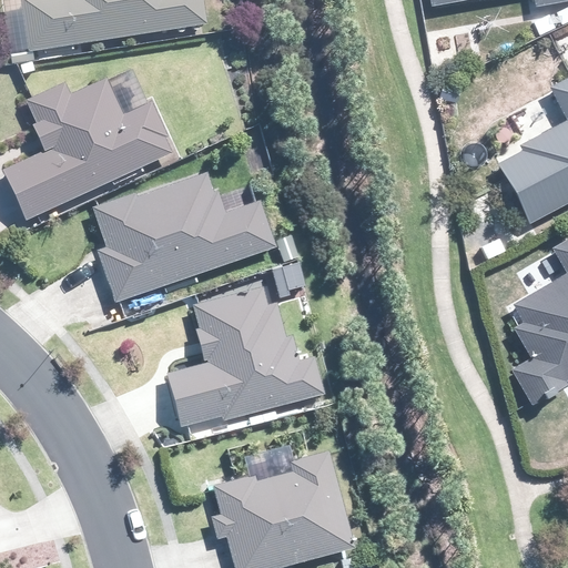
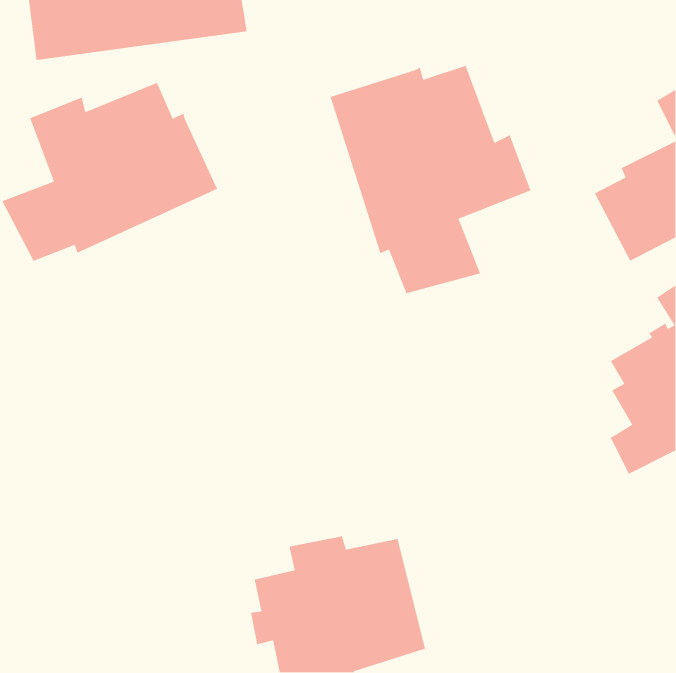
building: none -> [329,65,532,294]
building: [93,170,278,301] -> none
building: [166,285,325,442] -> none

